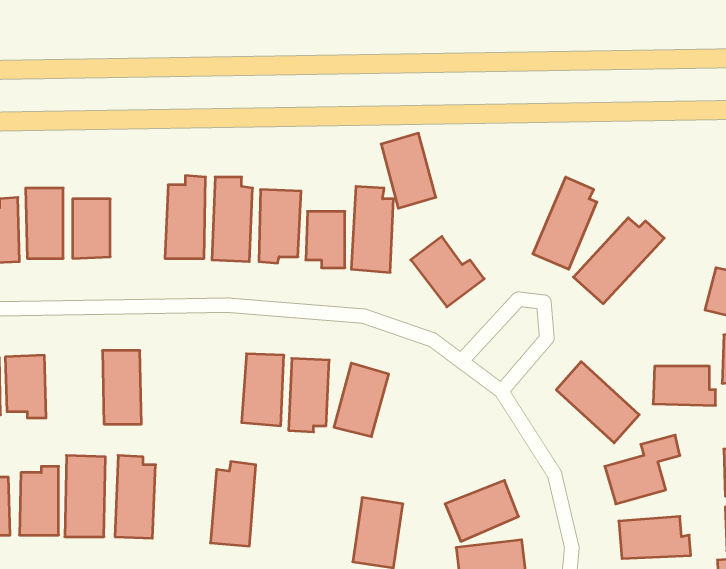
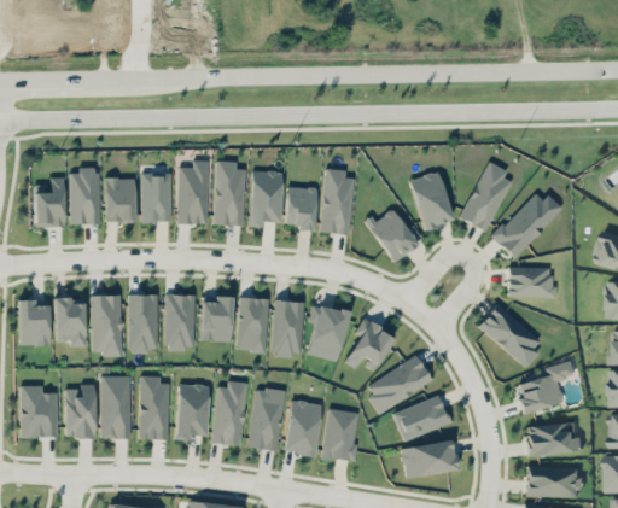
building: [381,133,436,208] -> [410,171,453,229]
building: none -> [141,173,171,222]
building: none -> [92,294,123,355]
building: none -> [165,294,196,349]
building: none -> [202,297,233,340]
building: [653,366,716,405] -> [508,267,556,297]
building: none -> [343,320,396,370]
building: none -> [368,356,433,413]
building: none -> [176,384,209,440]
building: none -> [250,387,285,450]
building: none -> [284,399,322,456]

